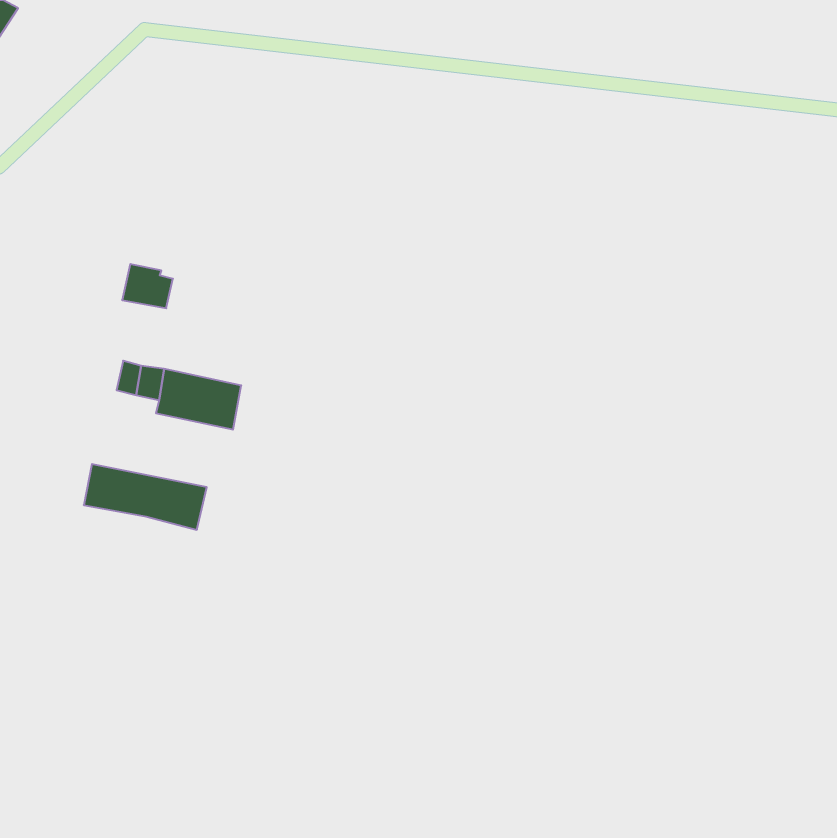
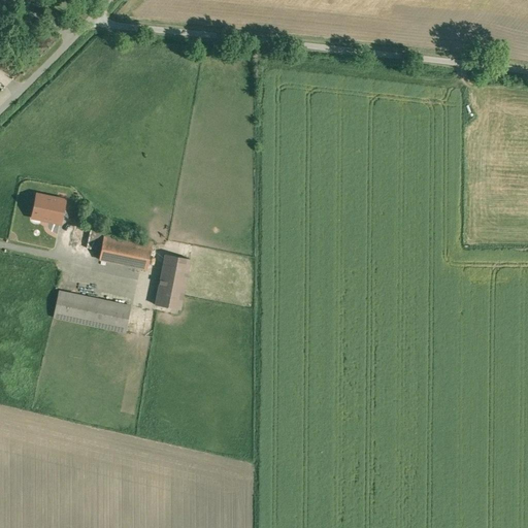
building: [122,264,173,308] -> [31,195,63,223]
building: none -> [155,255,189,310]

